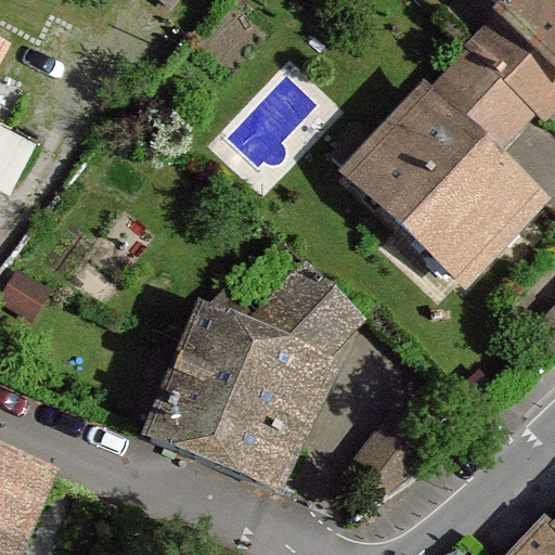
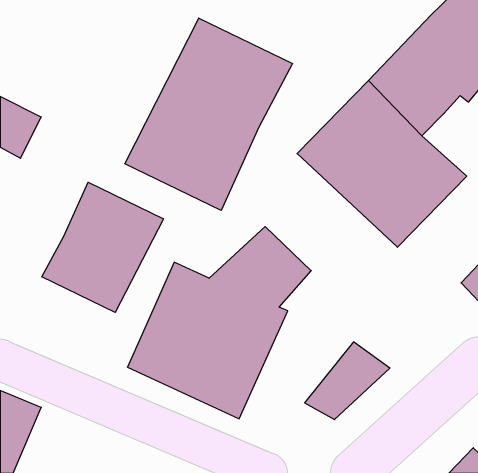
building: none -> [125,18,293,210]
building: none -> [42,182,163,312]

